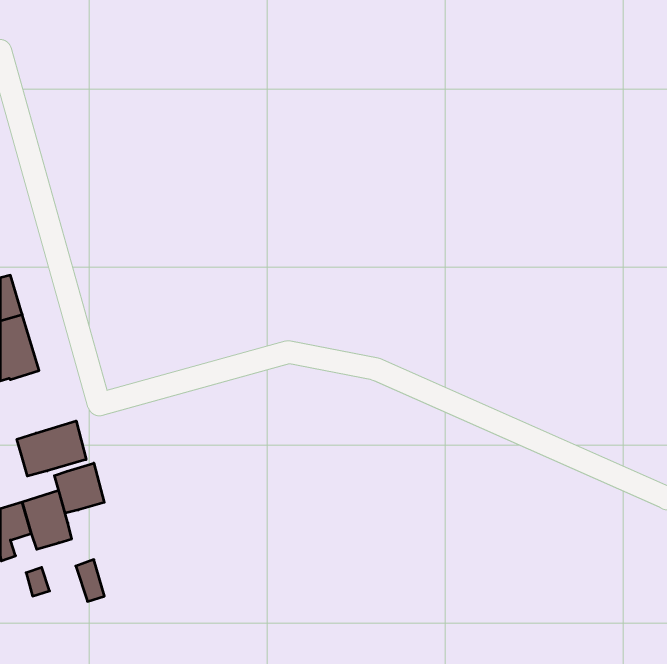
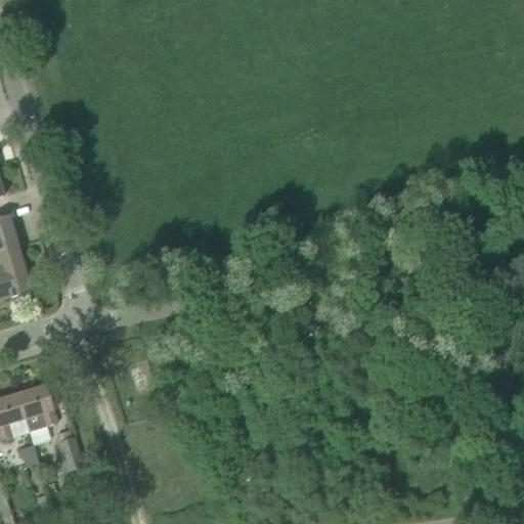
building: [17,421,86,476] -> none
building: [54,463,104,513] -> none

